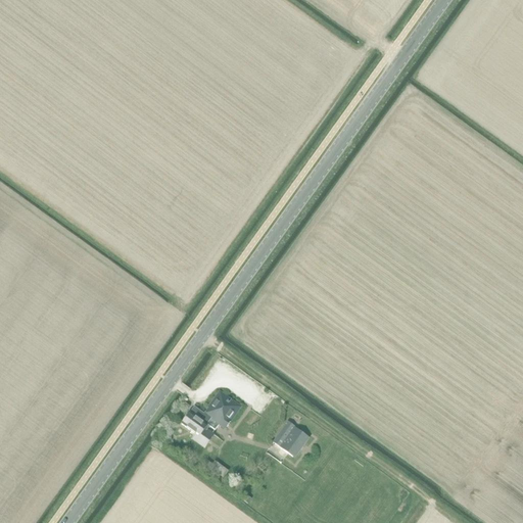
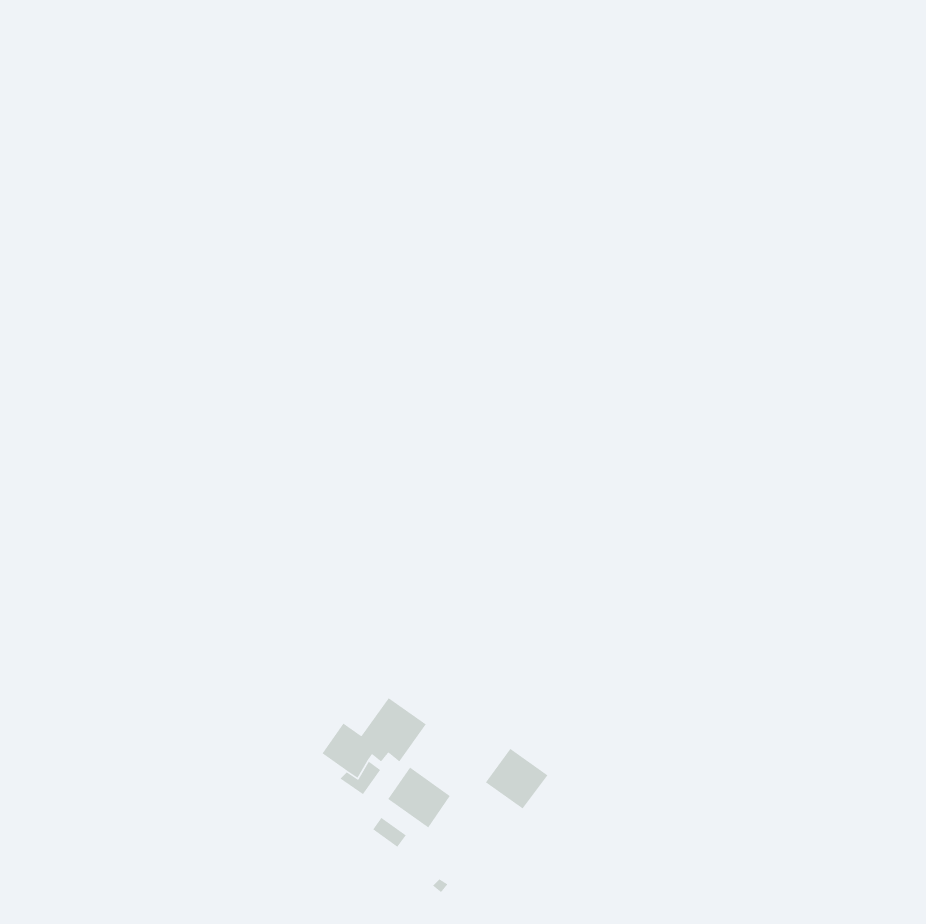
building: none -> [387,767,451,828]

